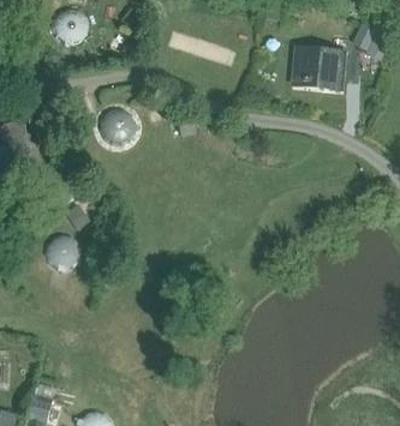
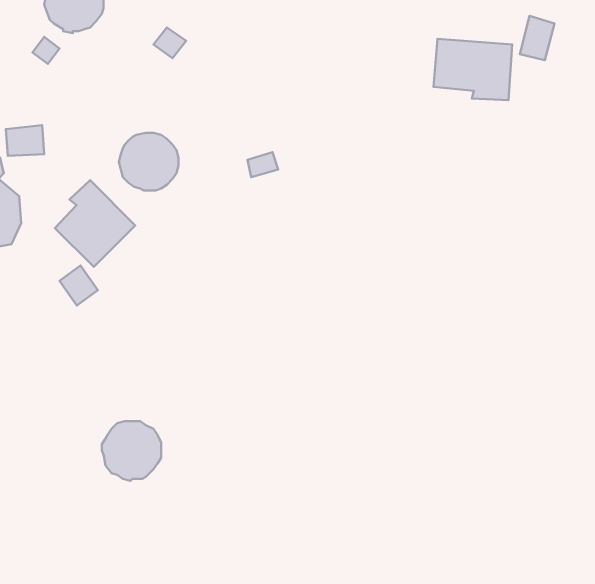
building: none -> [55,180,135,267]
building: [43,233,80,270] -> [102,421,161,481]

